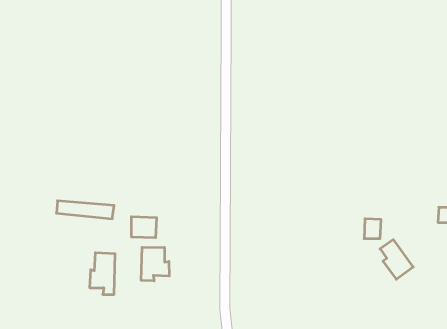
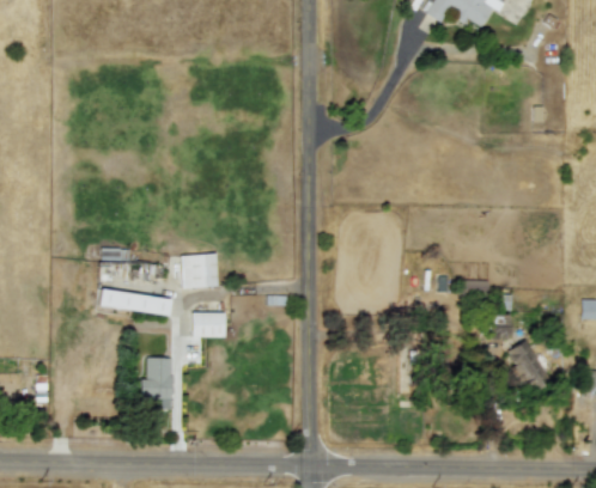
building: none -> [183,255,218,287]
building: [141,247,169,281] -> none

